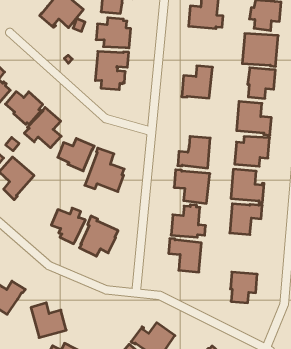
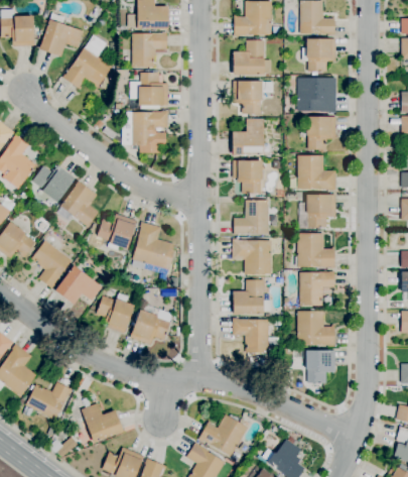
building: none -> [234,82,273,115]
building: none -> [233,160,263,195]
building: none -> [55,266,104,305]
building: none -> [297,312,335,347]

